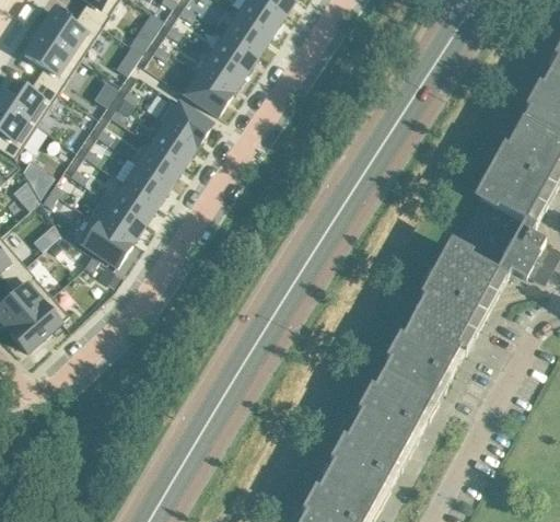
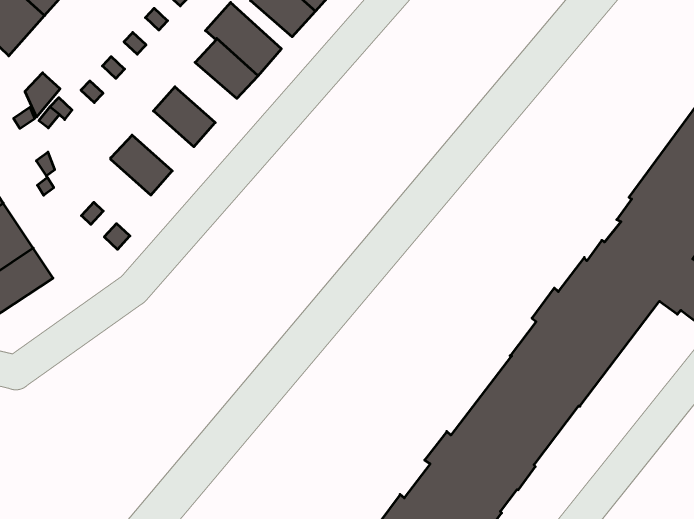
building: [136,143,182,185] -> none
building: [109,183,155,224] -> none
building: [77,219,129,266] -> none

